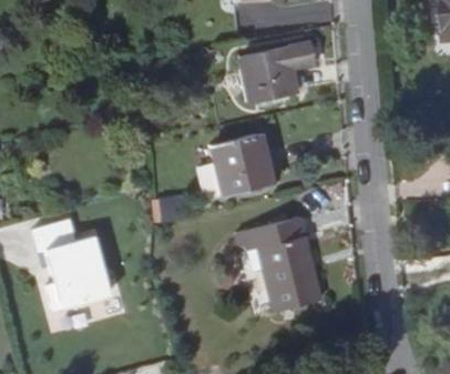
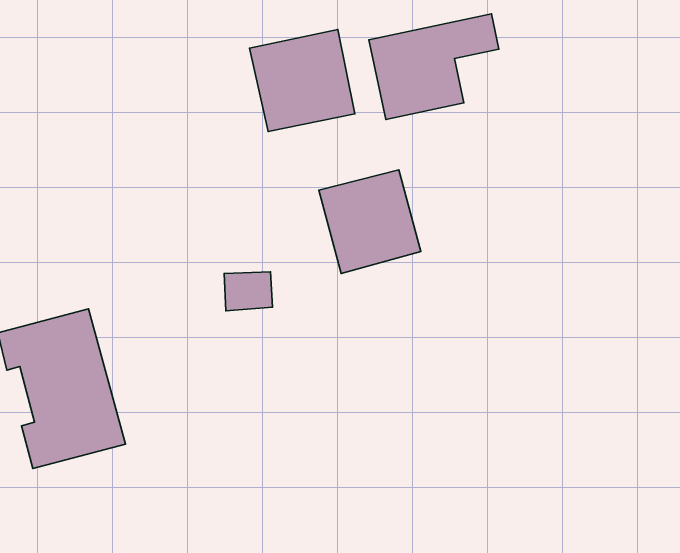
building: none -> [250,30,355,132]
building: [237,218,323,314] -> none

